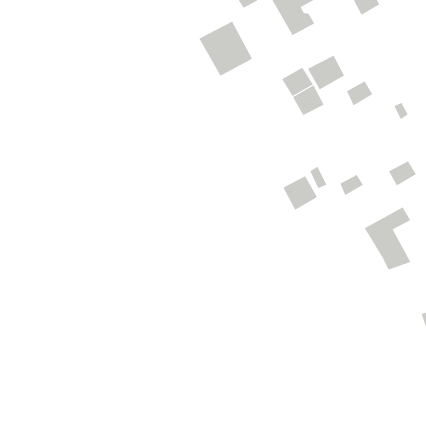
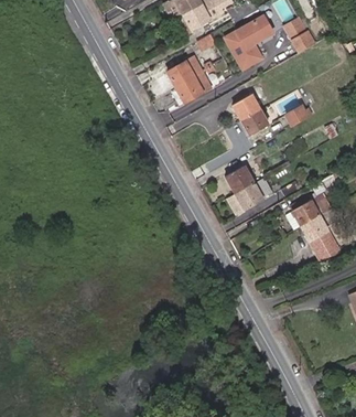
building: [307,55,345,90] -> none
building: none -> [226,163,255,192]
building: none -> [285,199,334,227]

